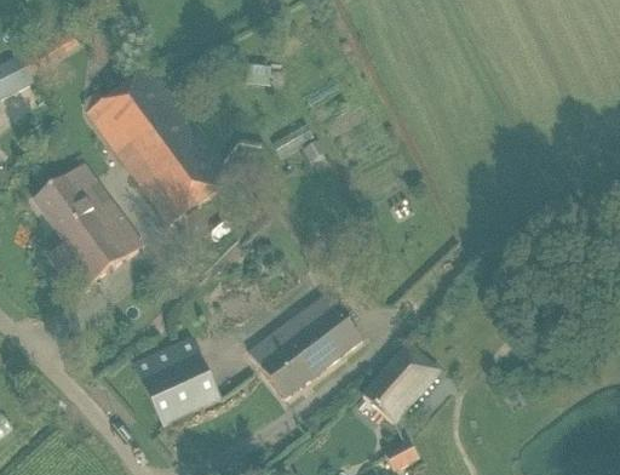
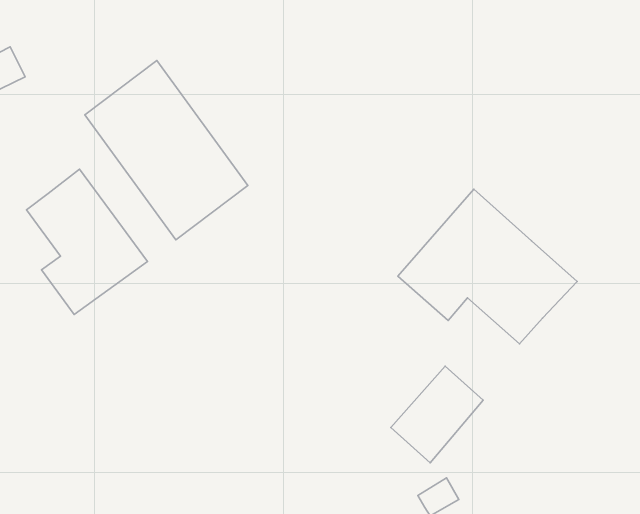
building: none -> [398,189,577,344]
building: [248,292,362,399] -> none
building: [133,336,219,423] -> none

